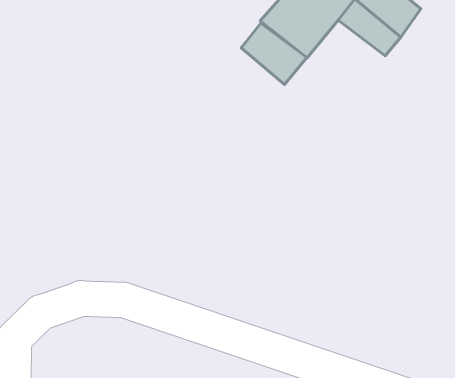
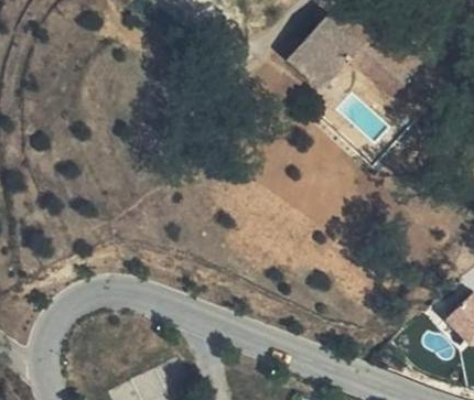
building: [241,23,307,85] -> none

